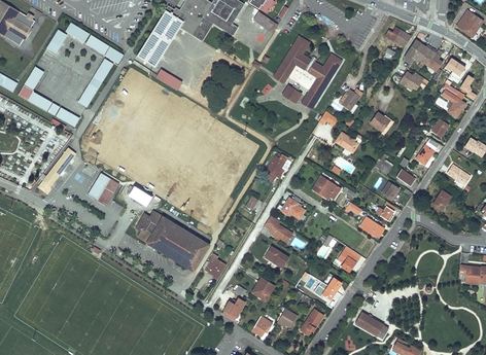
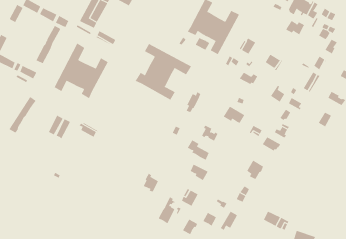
building: none -> [54,43,109,99]
building: none -> [135,43,192,100]
building: [136,213,208,270] -> none

